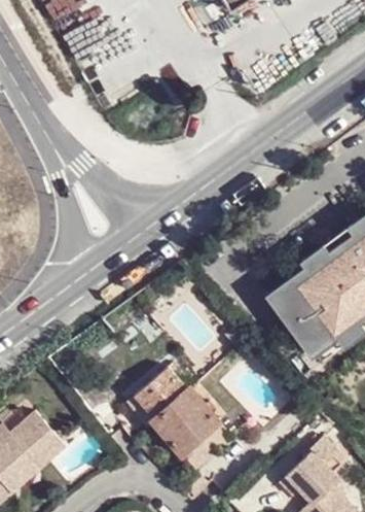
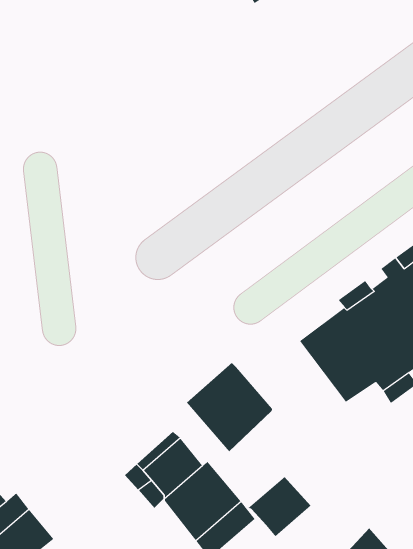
building: none -> [186,362,273,452]
building: none -> [247,476,312,537]

